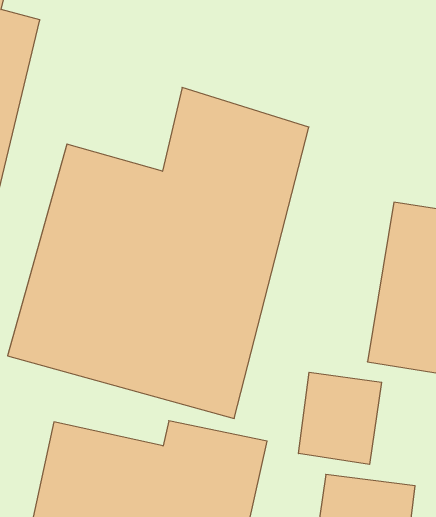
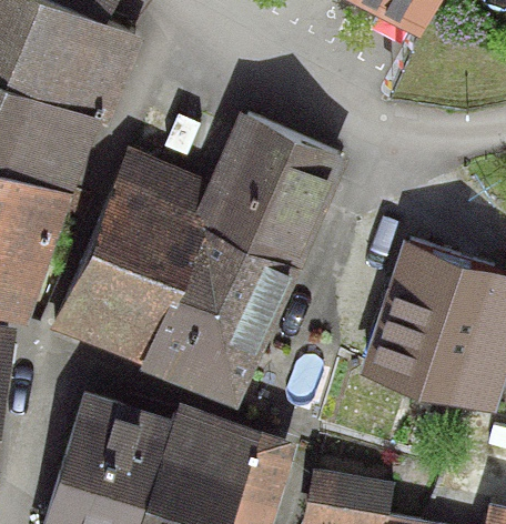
building: [299,372,382,464] -> none

